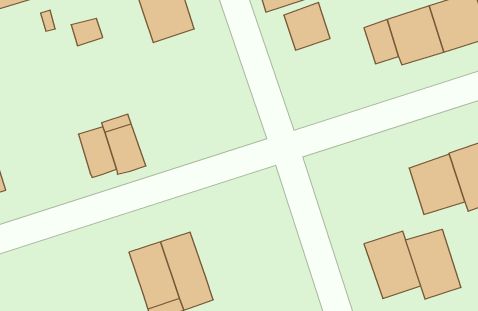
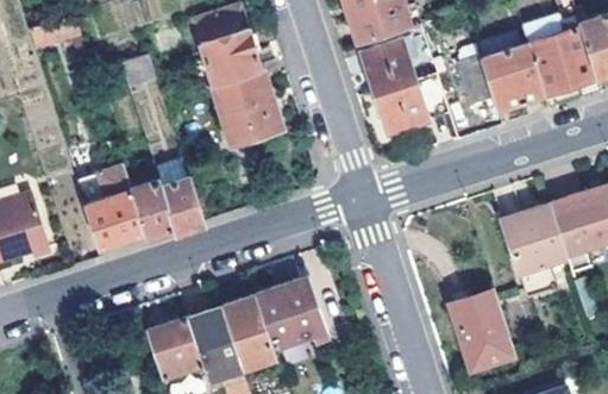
building: none -> [214,67,280,140]
building: none -> [375,70,449,131]
building: none -> [76,163,143,244]
building: none -> [256,279,331,348]
building: [406,229,461,299] -> none
building: none -> [145,319,202,380]

